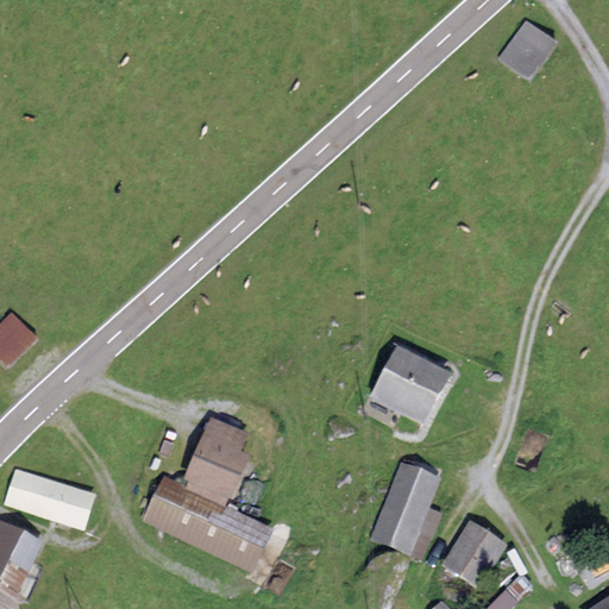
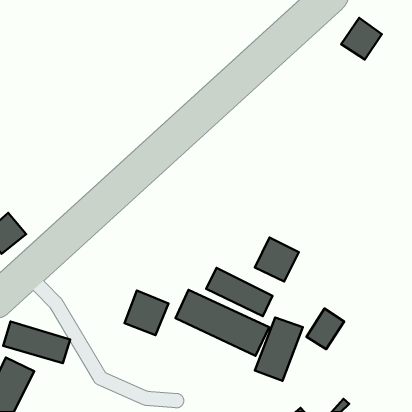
building: none -> [206,268,272,316]
building: [145,479,282,576] -> [176,290,269,356]
building: [441,520,496,579] -> [307,308,344,349]

